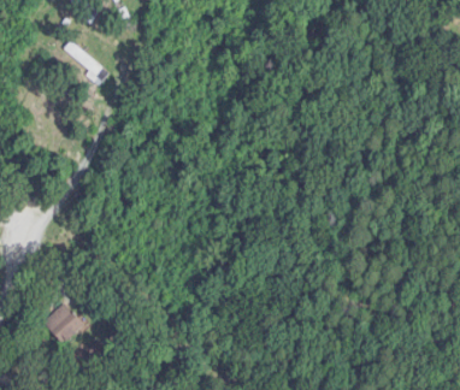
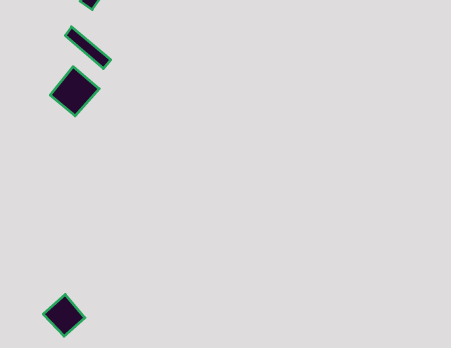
building: none -> [50,67,99,116]

